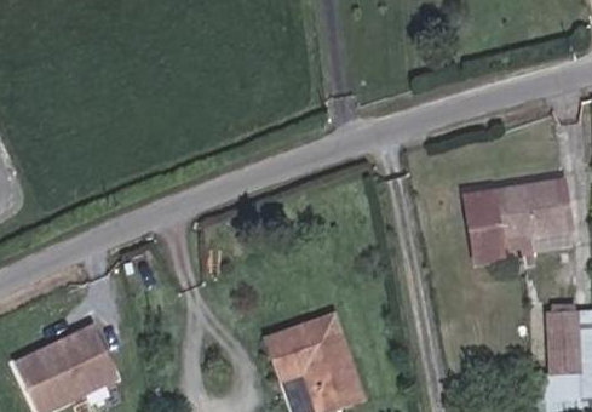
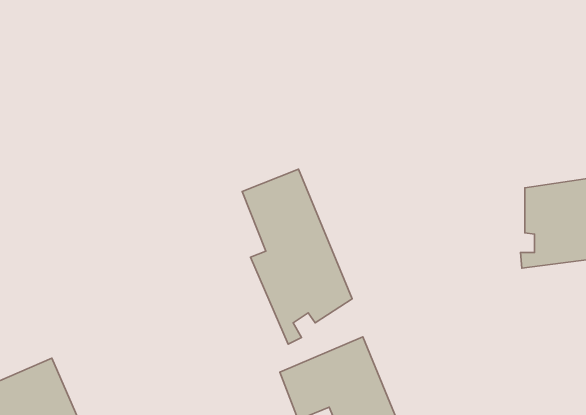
building: none -> [242,169,352,344]

